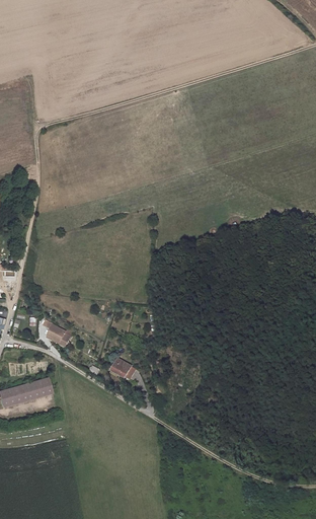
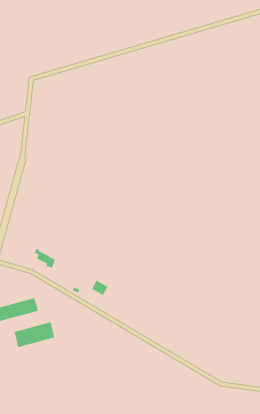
building: none -> [14,321,55,348]

